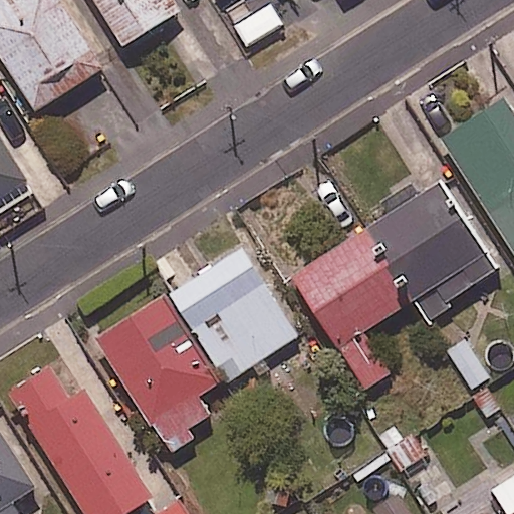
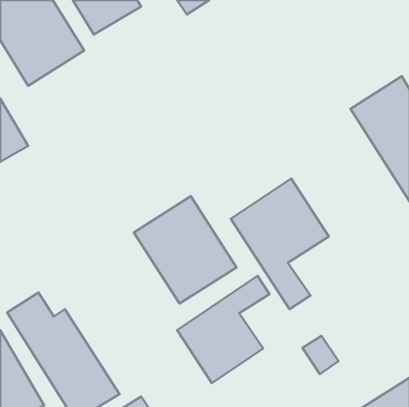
building: [365,175,496,316] -> none
building: [92,293,218,448] -> none
building: none -> [177,276,269,383]

